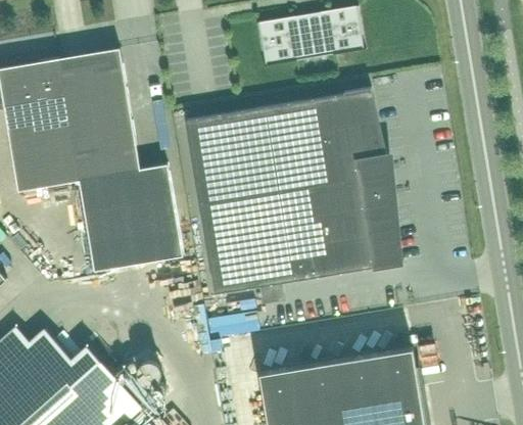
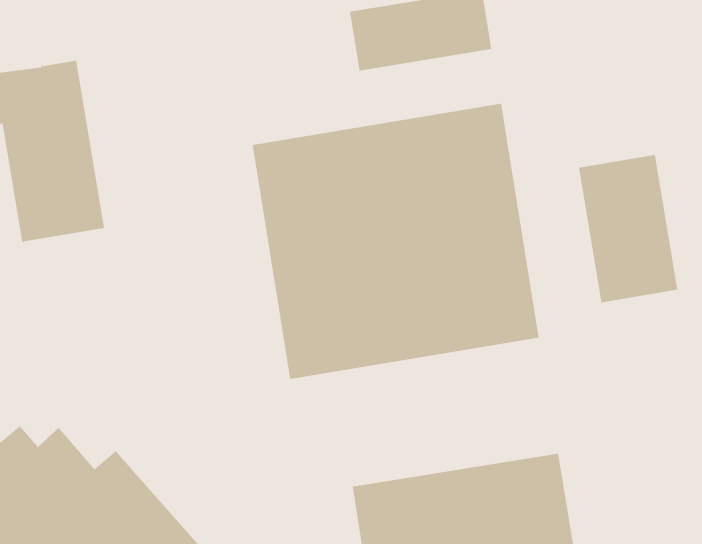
building: [58,48,183,272] -> none
building: none -> [579,154,678,303]

